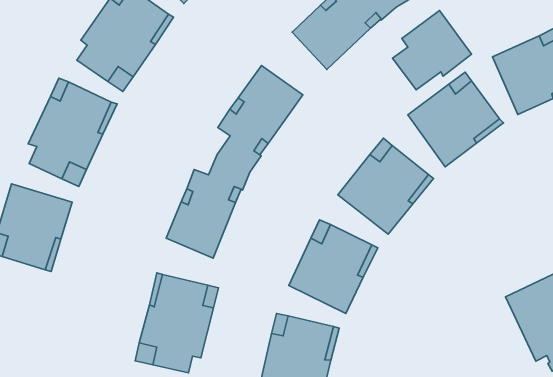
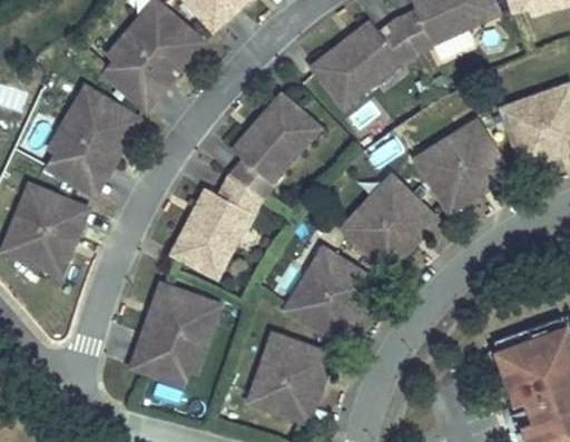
building: [393,10,471,90] -> none

